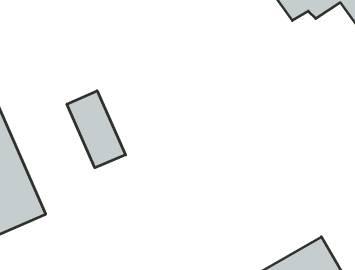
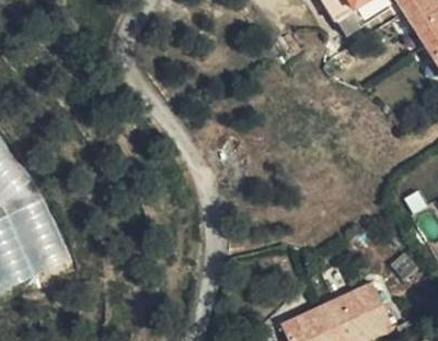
building: [67,91,126,168] -> none

